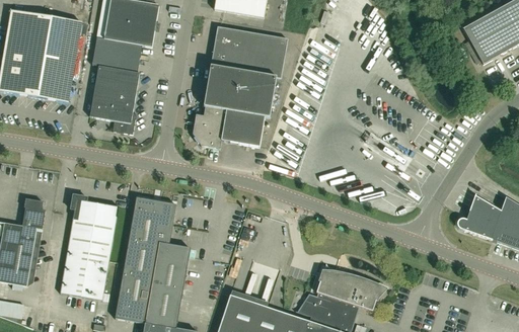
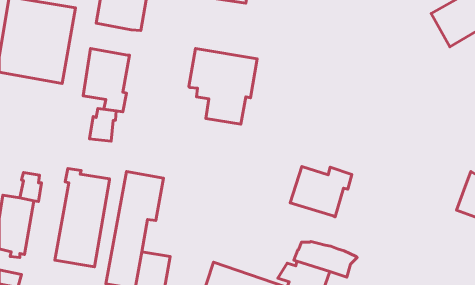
building: [211,25,288,77] -> none
building: [93,36,142,72] -> none
building: [193,113,225,148] -> none
building: none -> [90,109,116,141]
building: none -> [290,166,352,217]
building: [457,194,501,238] -> none
building: [153,243,191,287] -> none

